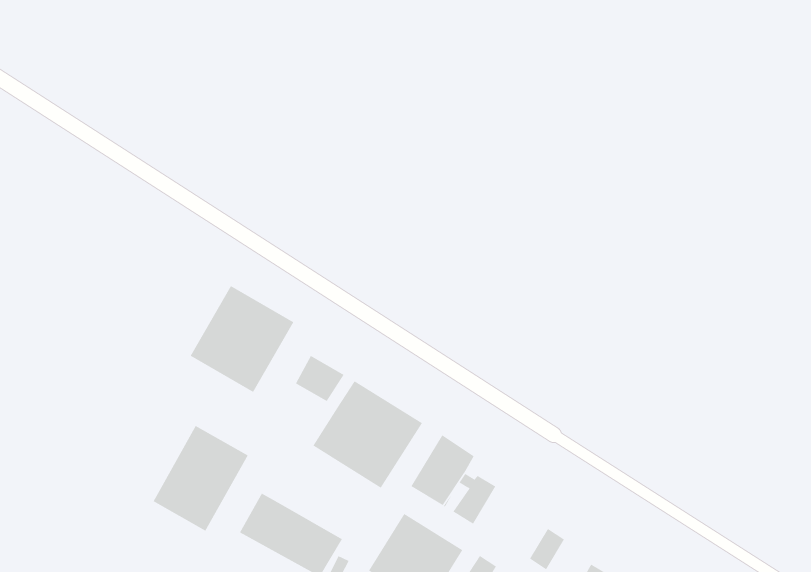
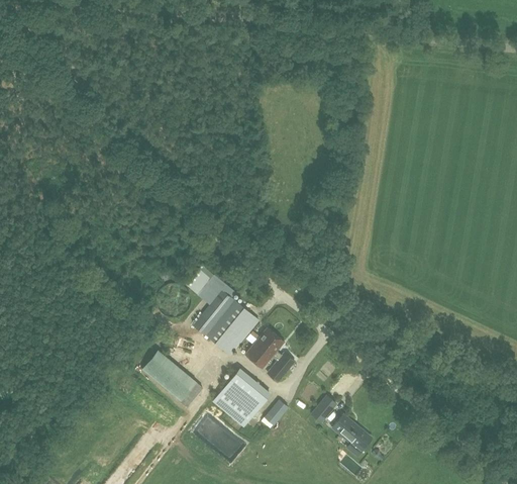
building: [190,285,294,393] -> none
building: [153,425,249,532] -> none

